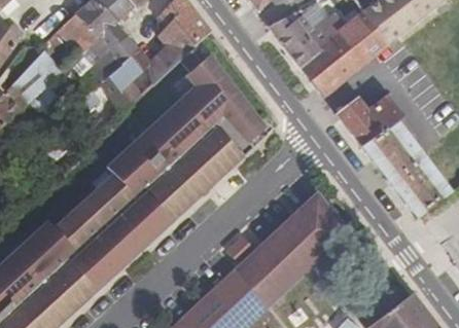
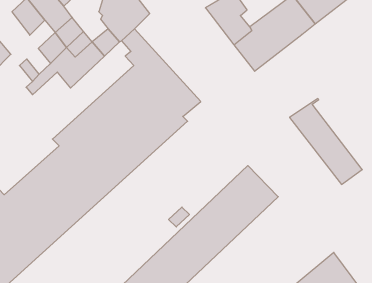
building: [337,95,393,144] -> none

